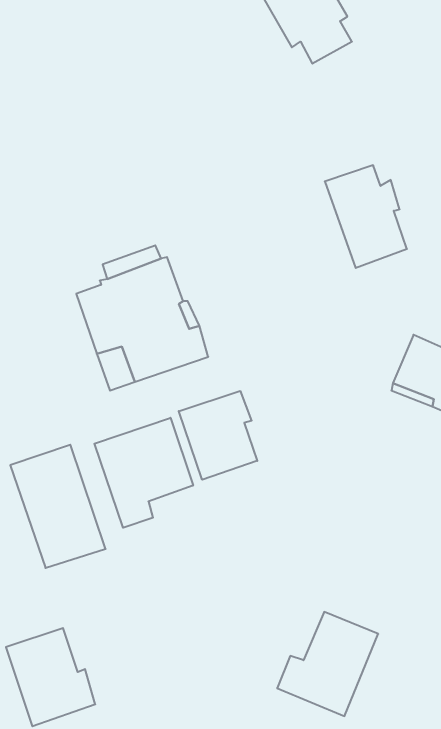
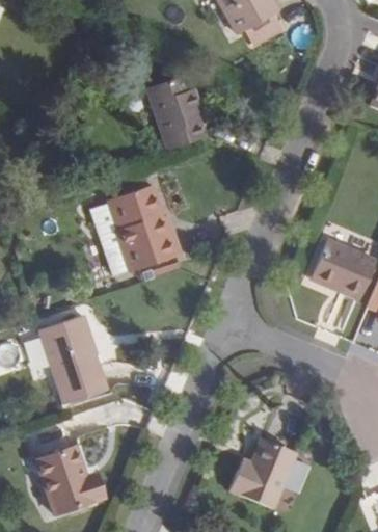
building: [325,165,407,268] -> [145,77,204,150]
building: [179,391,257,480] -> none
building: [94,418,193,528] -> none

